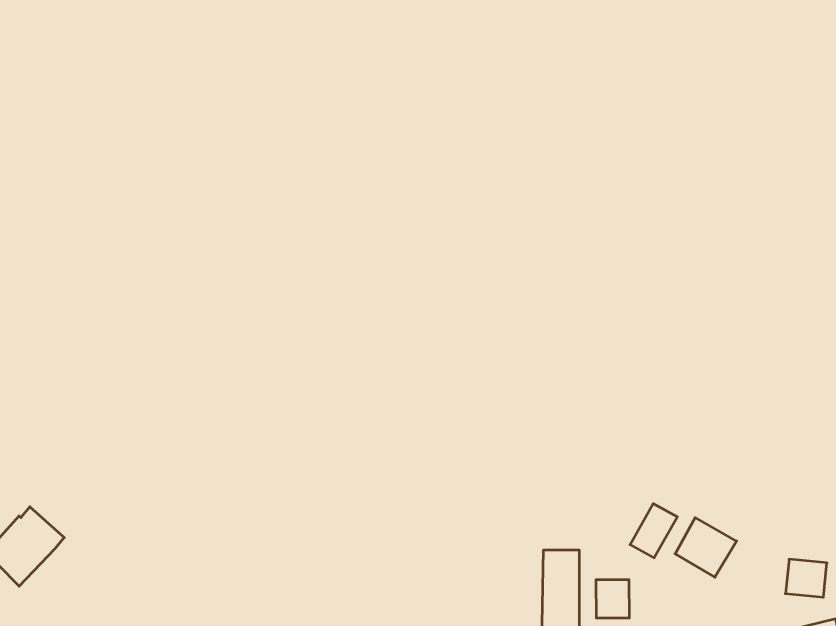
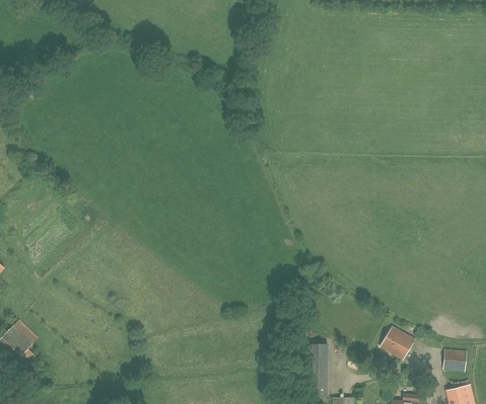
building: [630,504,677,558] -> none
building: [596,580,629,618] -> none

